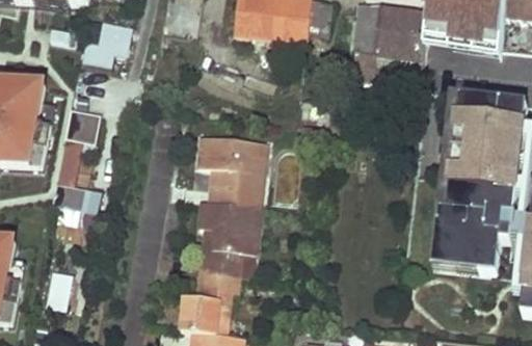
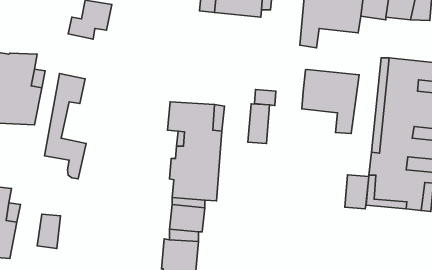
building: none -> [302,69,359,133]
building: none -> [248,104,270,144]
building: none -> [345,175,369,209]

